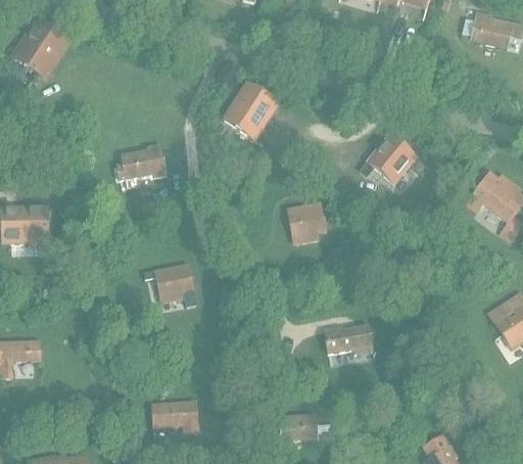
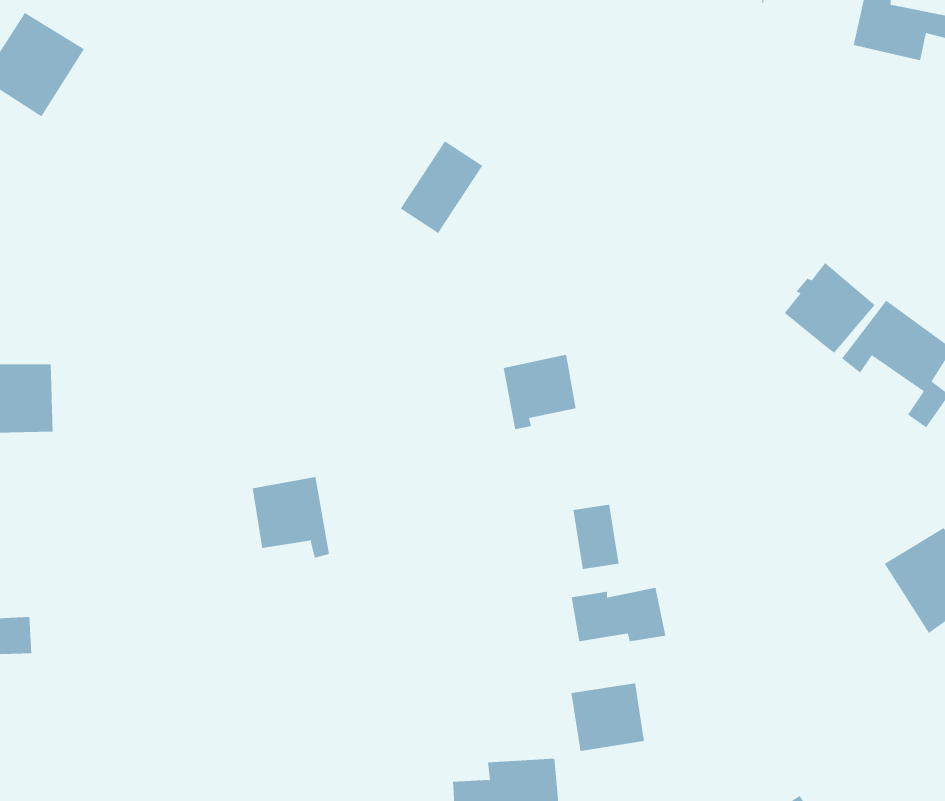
building: [367,135,415,183] -> [784,262,875,354]
building: [115,145,165,181] -> none
building: none -> [573,504,619,570]
building: none -> [571,682,645,752]
building: [156,403,197,433] -> none

